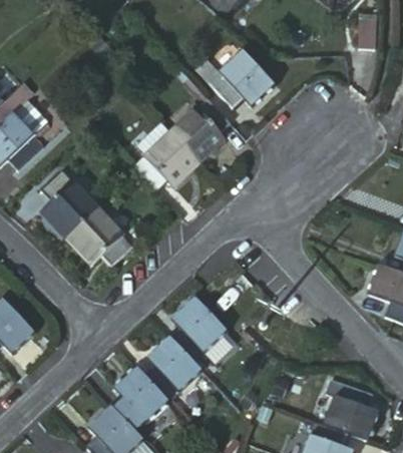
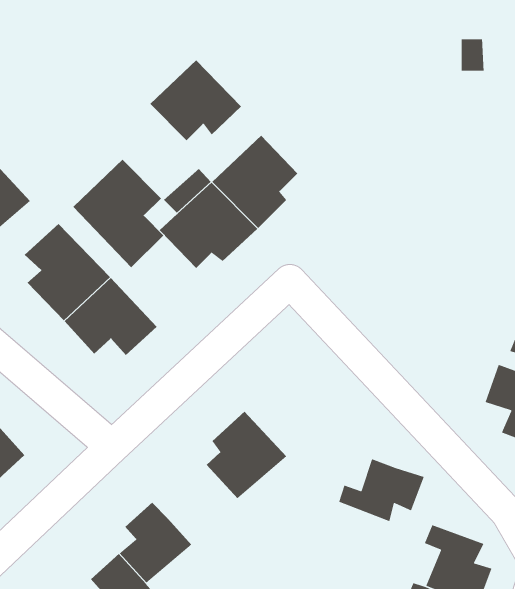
building: [203,43,270,102] -> [149,60,242,141]
building: none -> [72,159,164,268]
building: none -> [338,458,425,522]
building: [141,340,200,406] -> none

